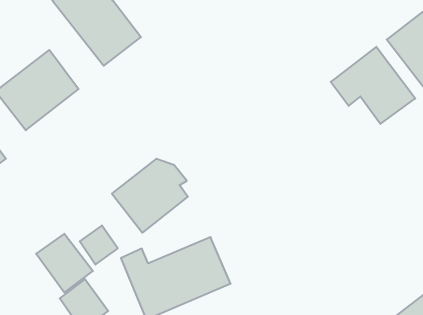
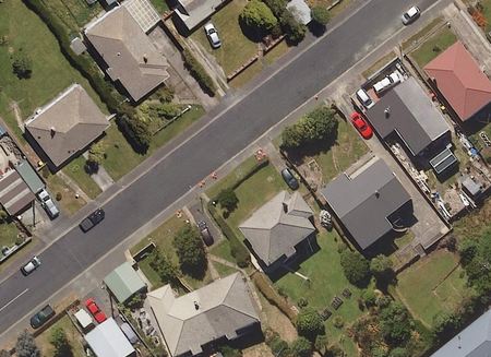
building: none -> [321,150,414,250]
building: [112,159,188,233] -> [238,191,316,267]
building: [36,234,93,292] -> none

